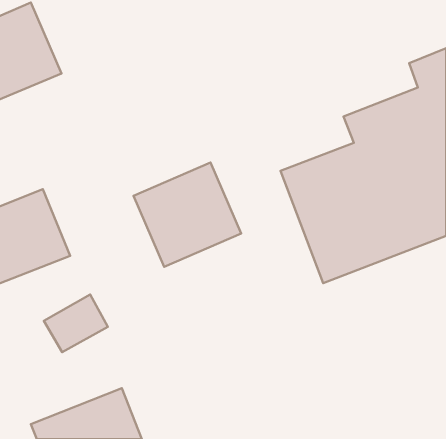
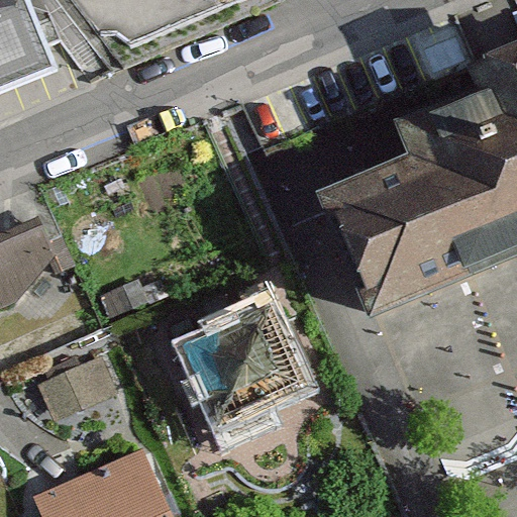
building: [134,162,241,267] -> [180,295,304,415]

